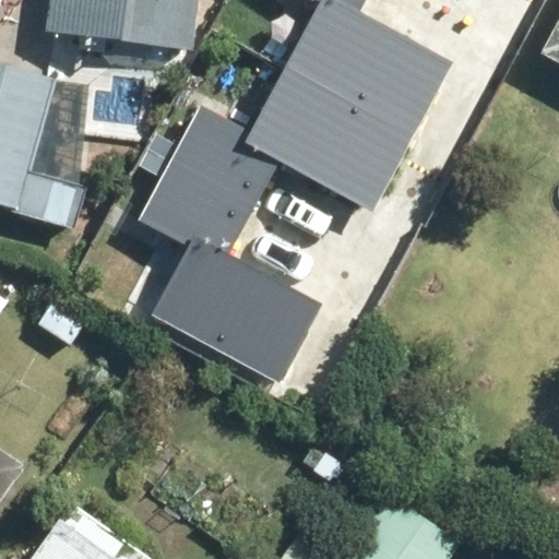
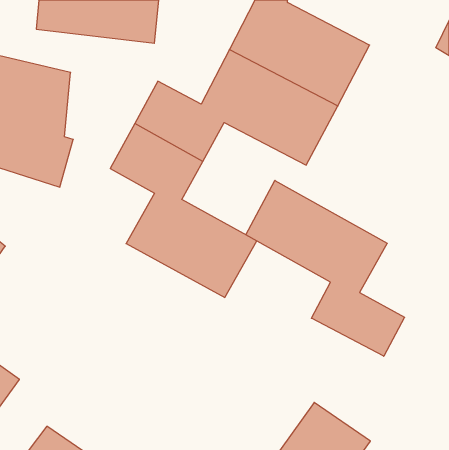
building: none -> [246,180,405,356]

